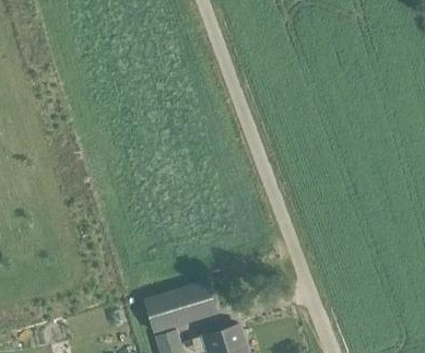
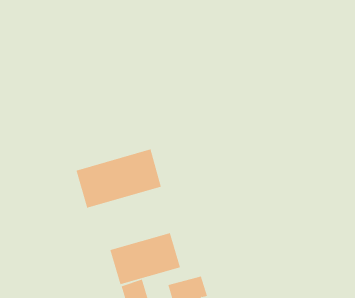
building: none -> [76,149,162,209]

